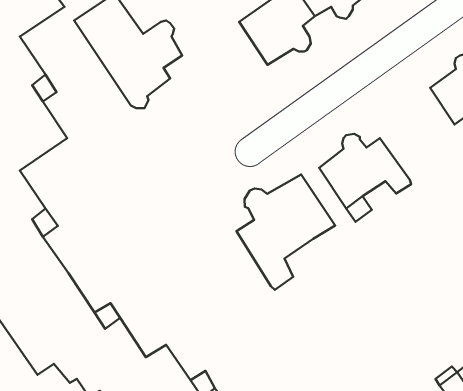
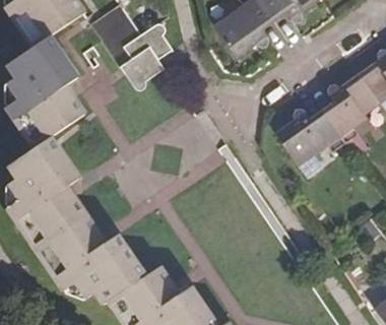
building: none -> [322,72,378,144]
building: [236,175,335,290] -> none

